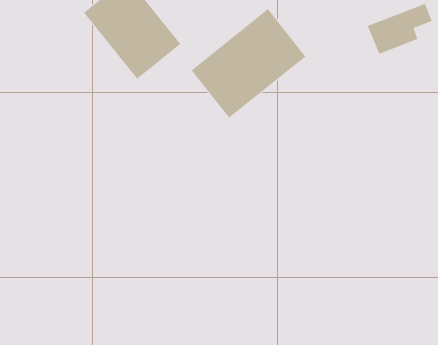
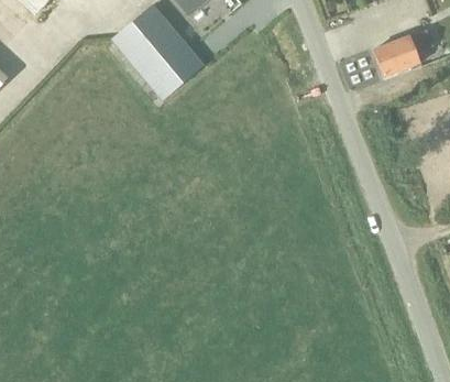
building: [191,8,306,119] -> none

